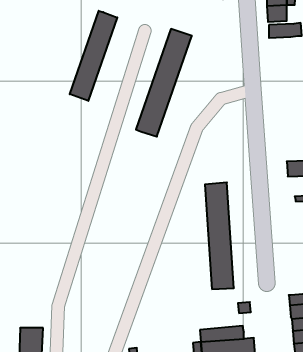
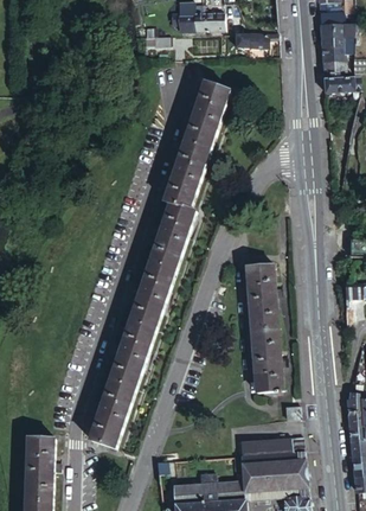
building: [70,11,117,101] -> none
building: none -> [90,205,197,448]

